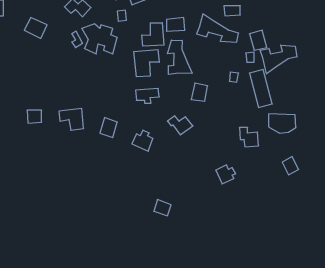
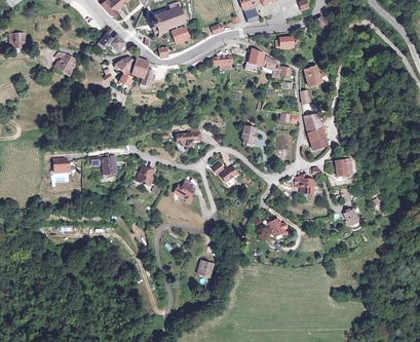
building: [142,23,164,46] -> none
building: [168,40,192,74] -> none
building: [260,45,297,74] -> none
building: [134,50,159,77] -> none

